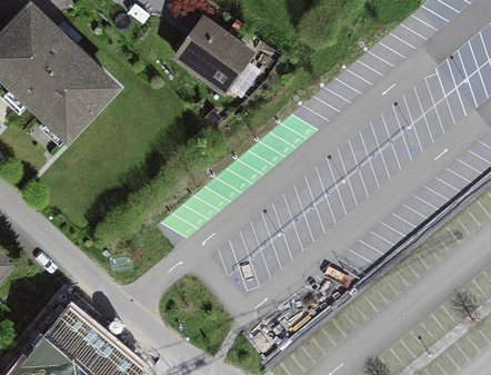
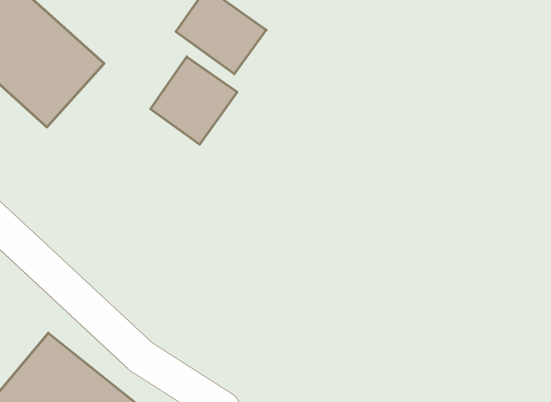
building: none -> [151,57,237,144]

